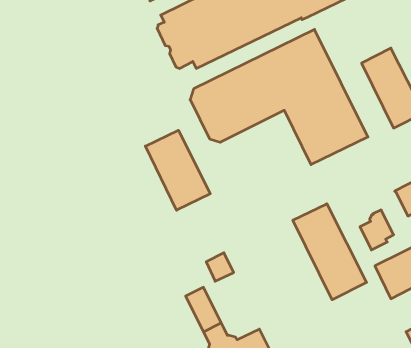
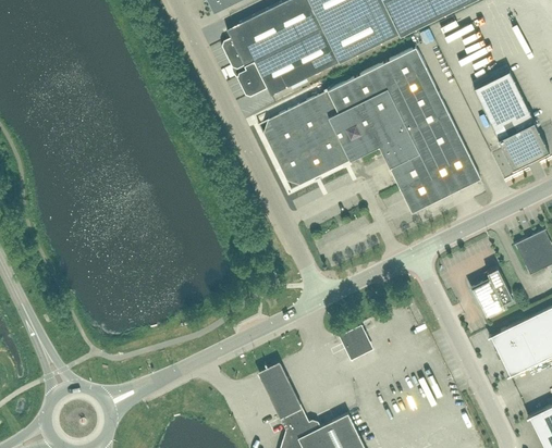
building: [145,130,210,210] -> none
building: [293,204,367,300] -> none
building: [206,253,234,281] -> [339,325,372,360]

